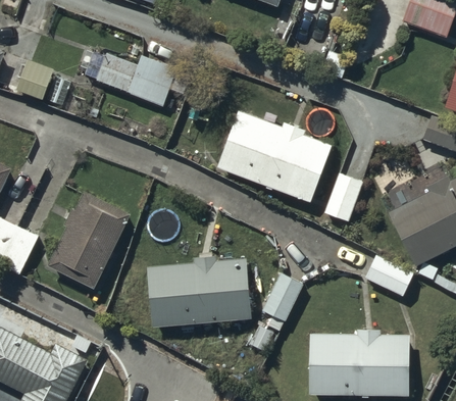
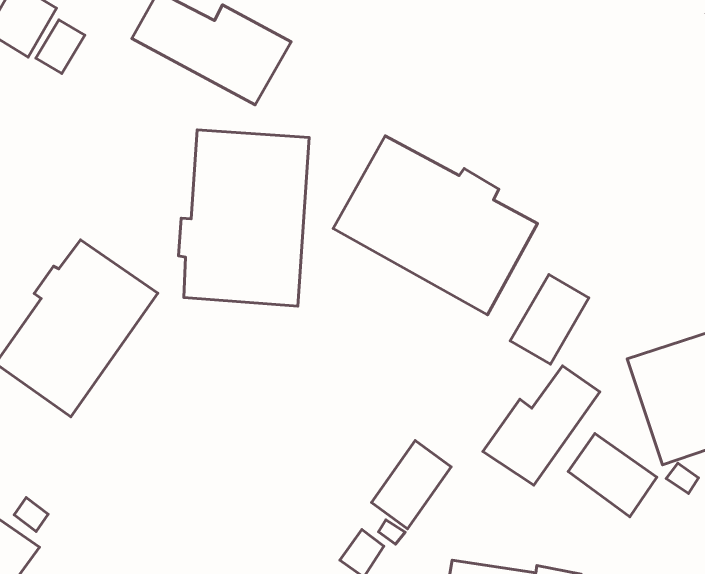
building: none -> [179,130,309,306]
building: none -> [483,366,600,485]
building: [148,257,253,329] -> none

